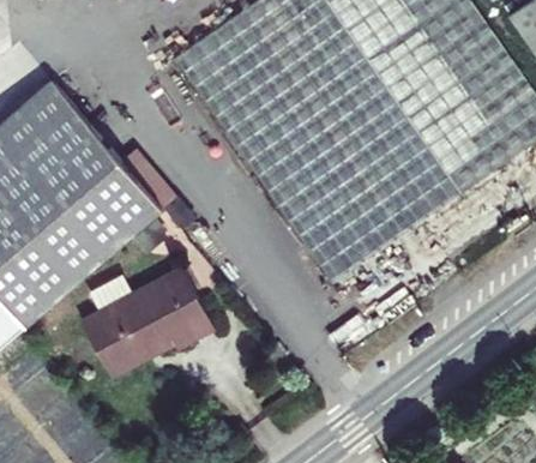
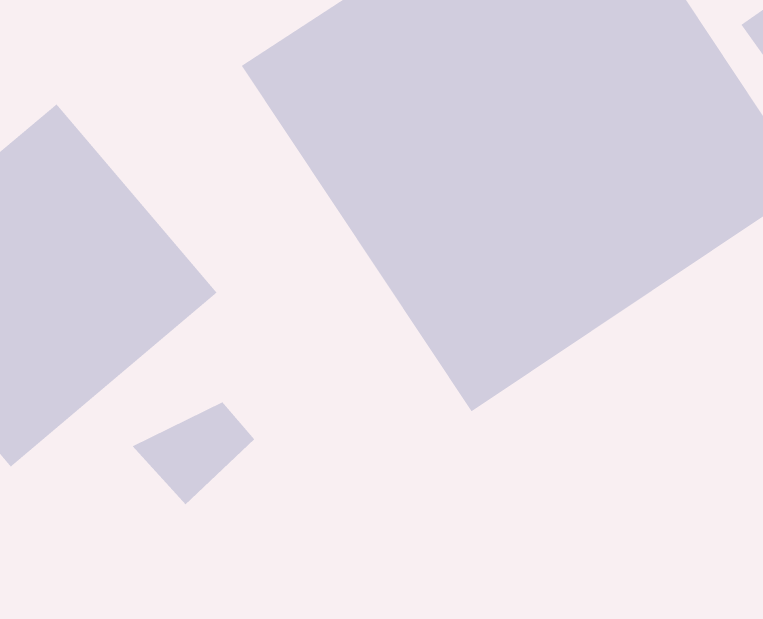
building: [83,267,213,373] -> none

